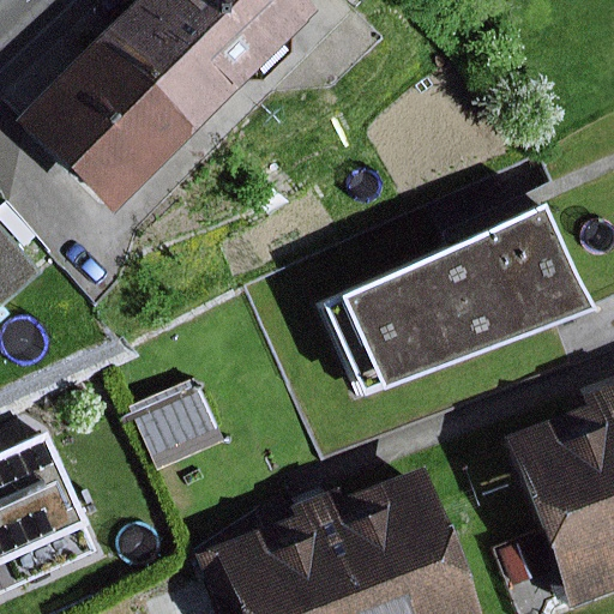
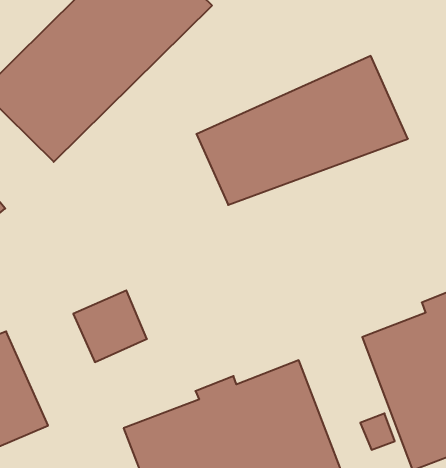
building: [320,204,592,396] -> [196,56,408,205]

